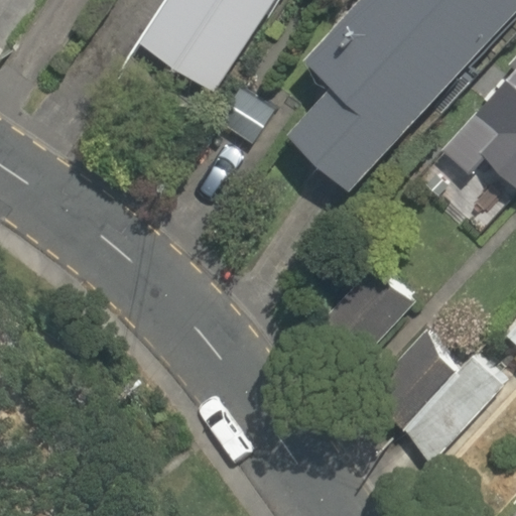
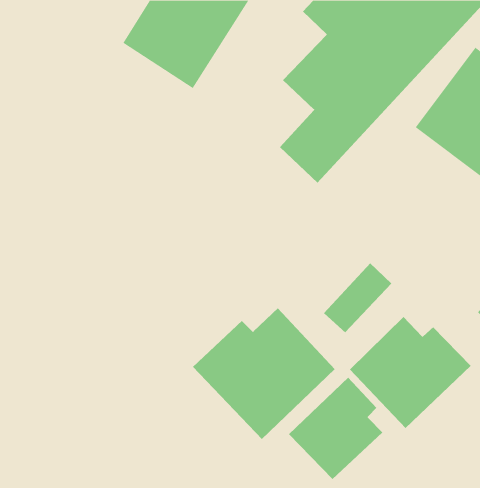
building: none -> [192,307,335,440]
building: none -> [288,377,383,480]

